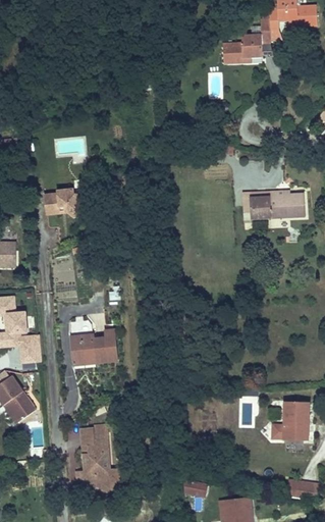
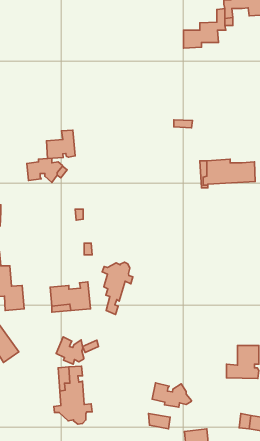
building: none -> [46,130,75,159]
building: none -> [102,262,133,315]
building: none -> [56,337,84,364]
building: none -> [152,383,191,407]

